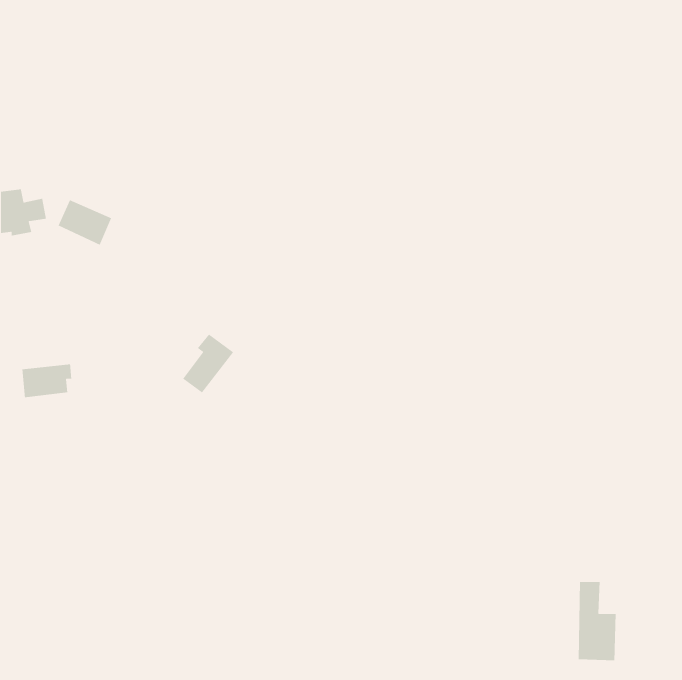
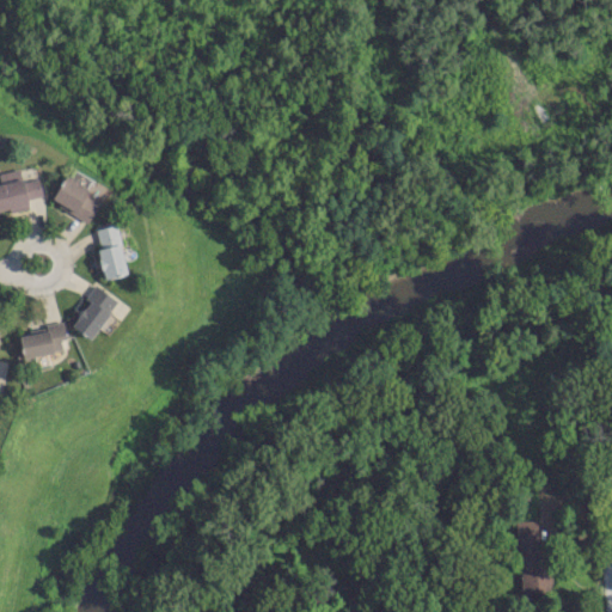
building: none -> [96,227,127,281]
building: [182,333,234,394] -> [72,287,118,341]

